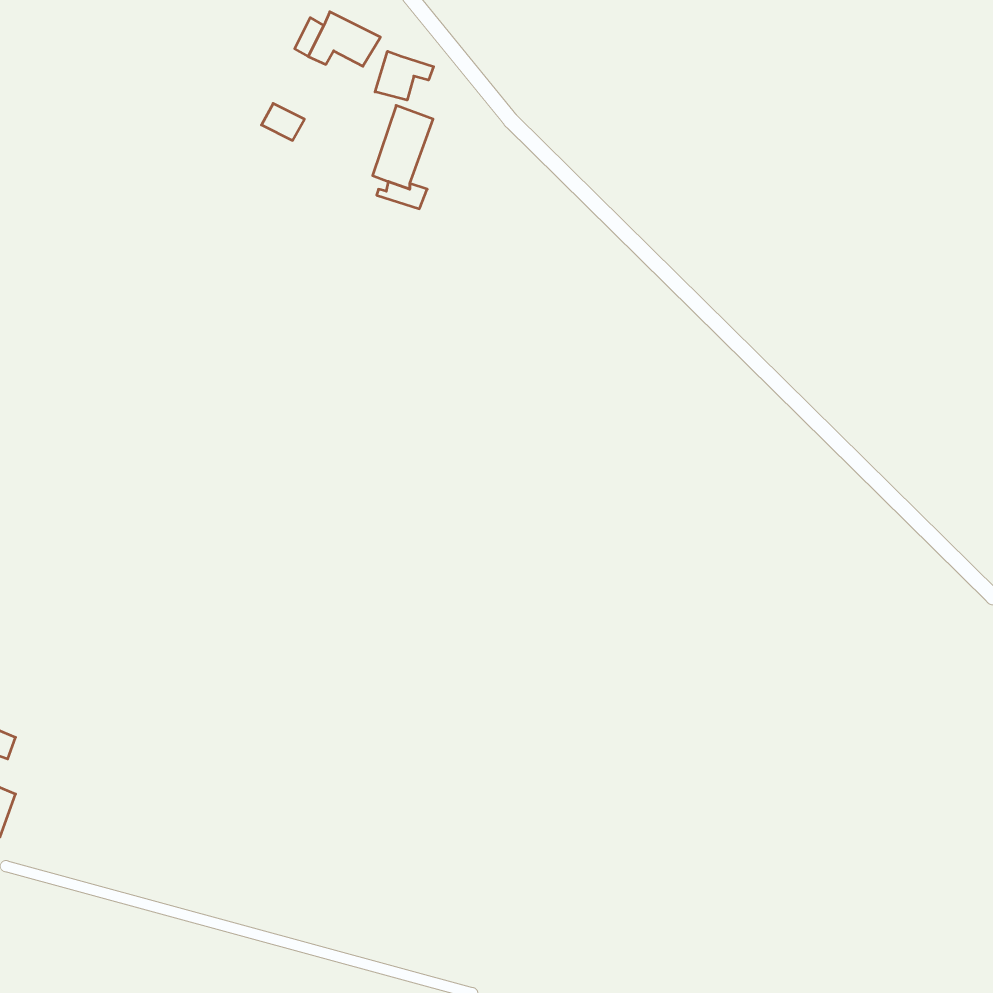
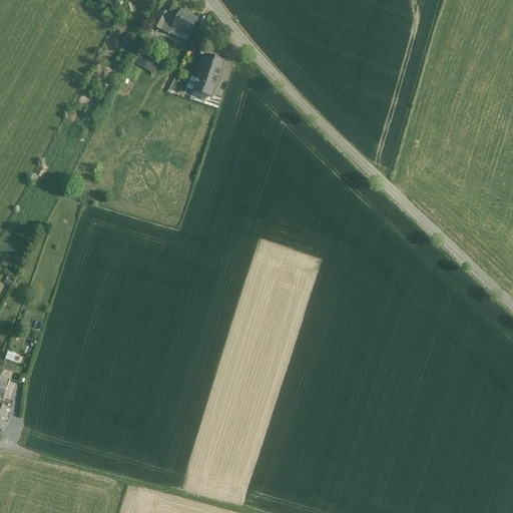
building: [375,51,434,100] -> none

